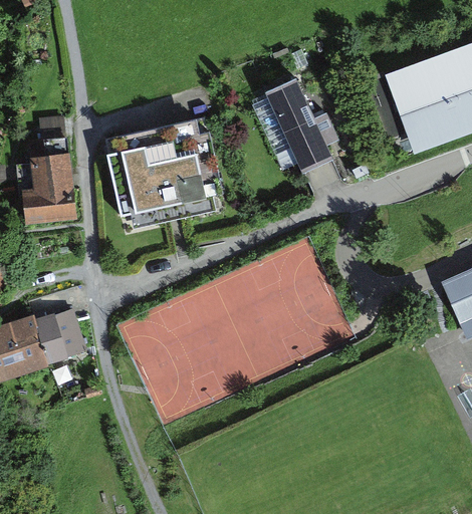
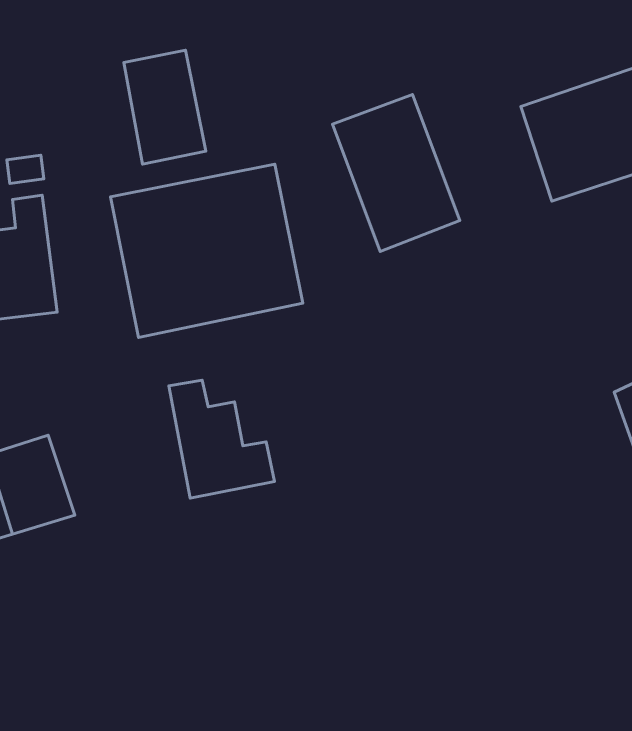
building: none -> [124,50,206,164]
building: none -> [169,380,275,498]

